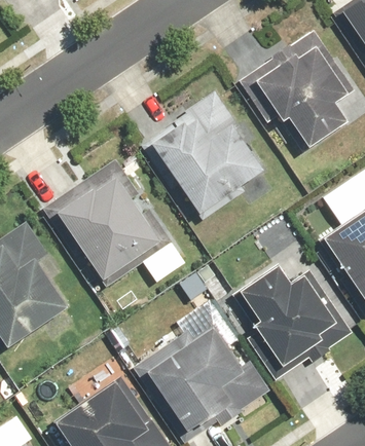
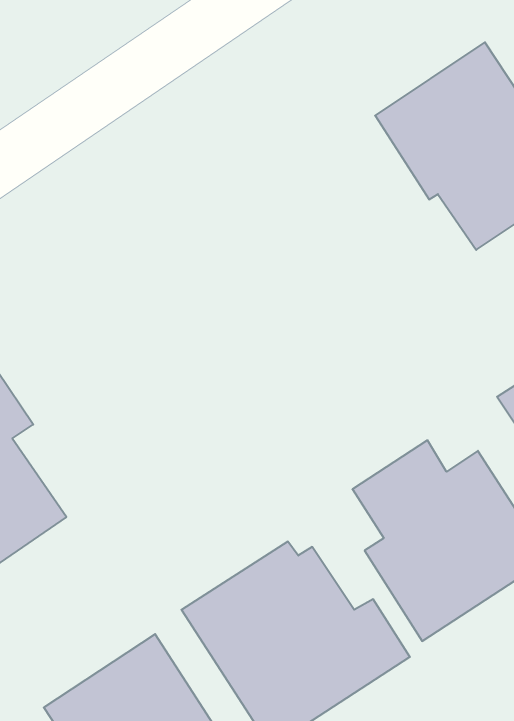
building: [148,92,265,221] -> none
building: [48,157,187,287] -> none

